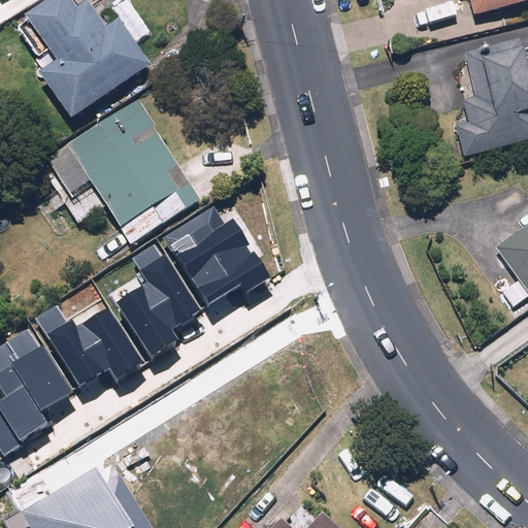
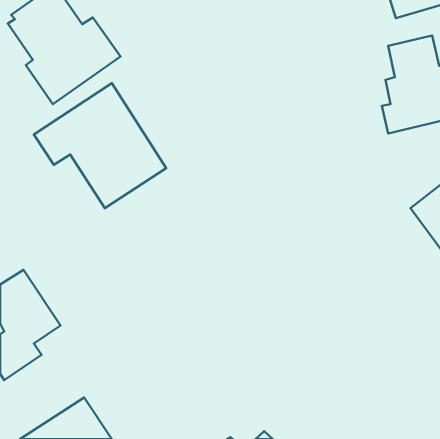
building: [169,202,270,299] -> none
building: [118,235,200,352] -> none
building: [40,299,148,381] -> none

